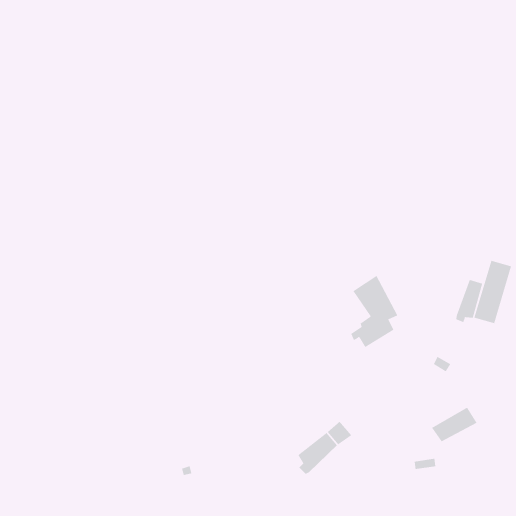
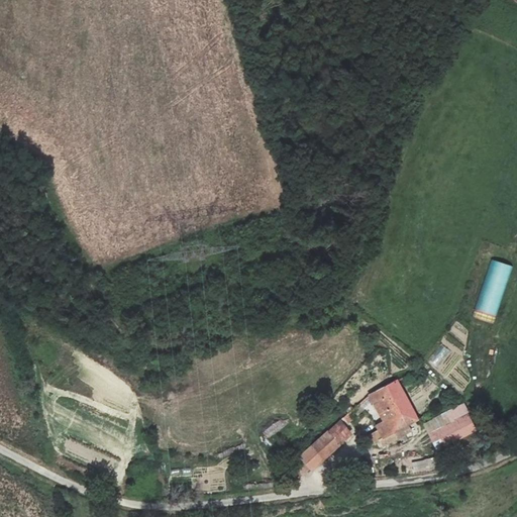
building: [351,275,398,348] -> [370,379,417,451]
building: [456,279,483,323] -> none

